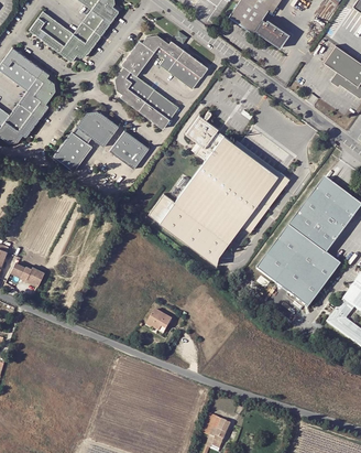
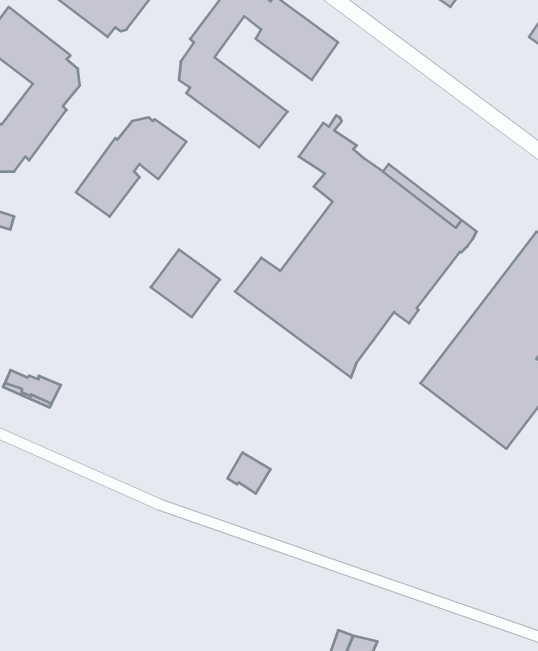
building: [109,130,150,170] -> [151,250,220,317]

